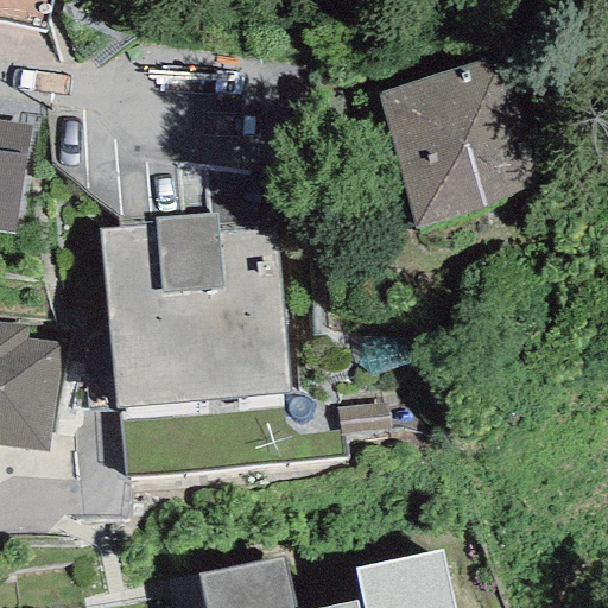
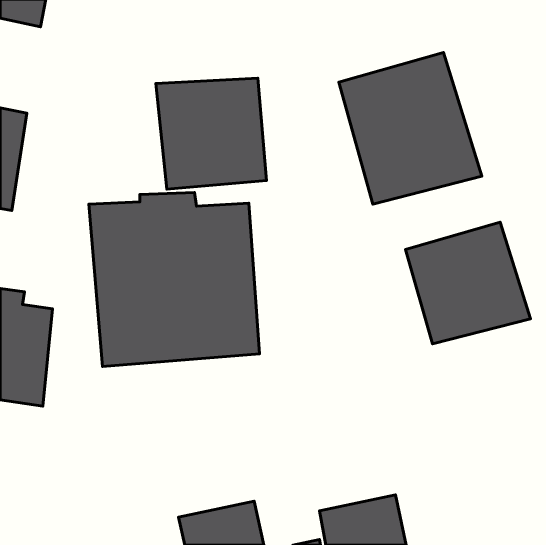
building: none -> [156,78,266,189]
building: none -> [406,222,530,344]

